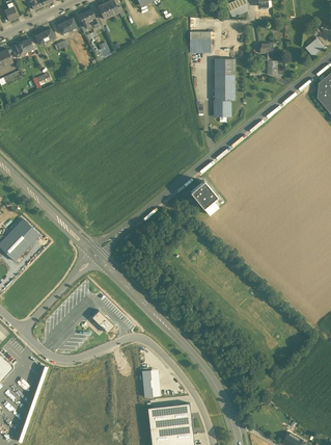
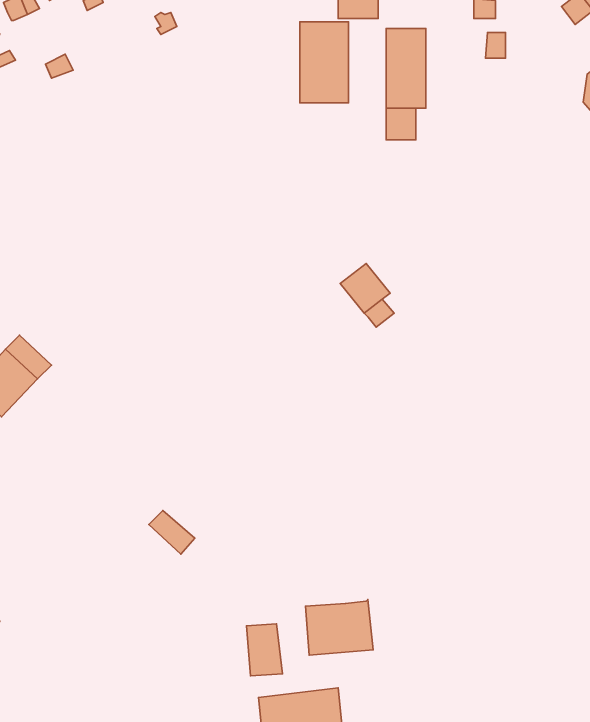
building: none -> [300,22,349,103]
building: none -> [306,600,373,655]

